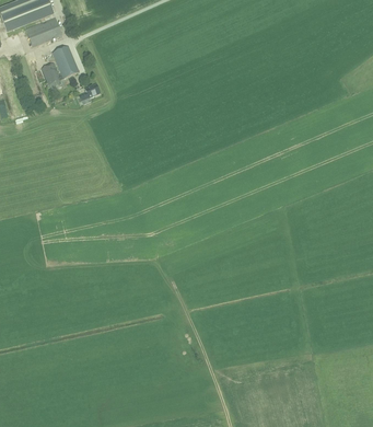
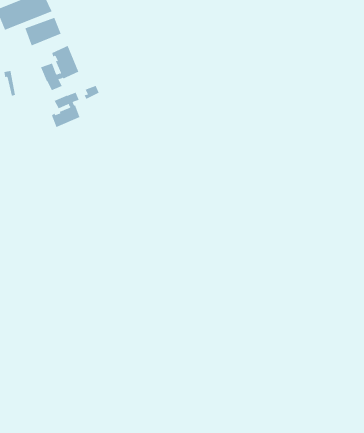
building: none -> [51,92,80,128]

